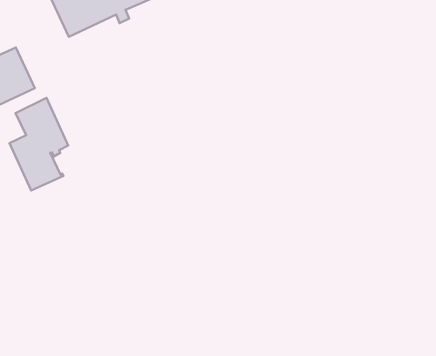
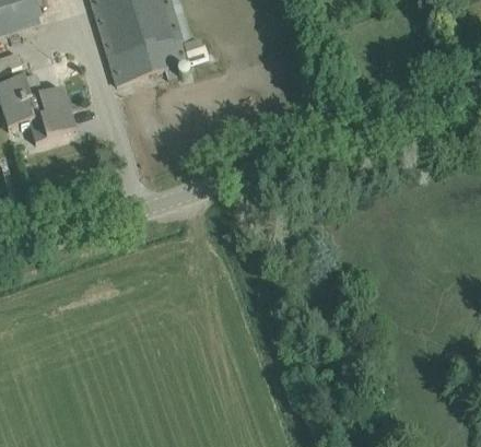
building: [10,98,68,191] -> none

